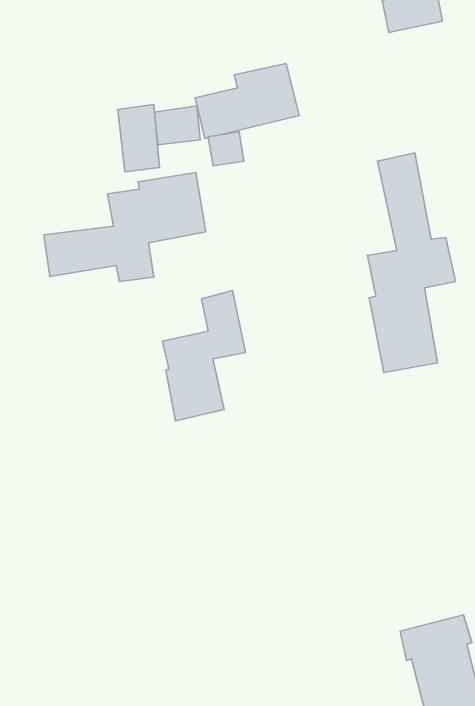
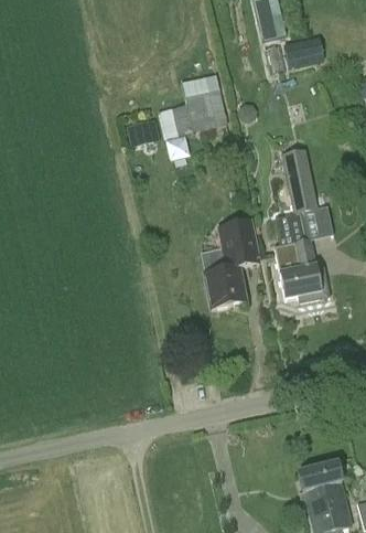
building: [118,104,159,172] -> none
building: [44,173,206,281] -> none
building: [162,291,245,421] -> [203,221,259,309]

